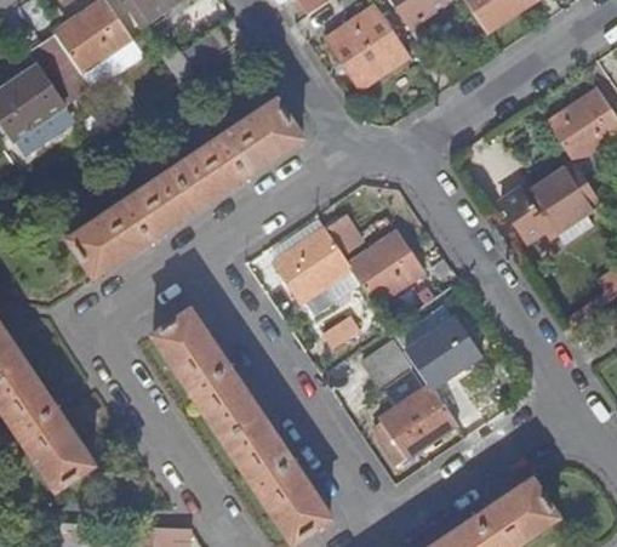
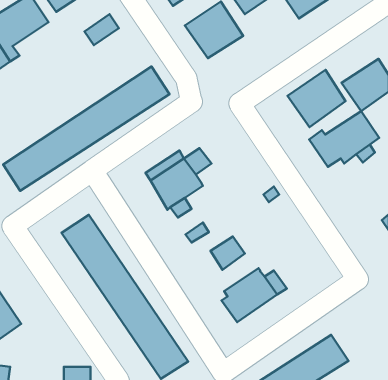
building: none -> [288,70,346,127]
building: [348,230,424,304] -> none
building: [405,315,484,389] -> none

